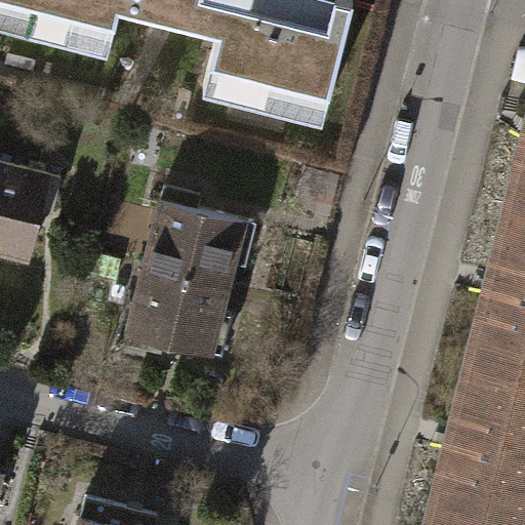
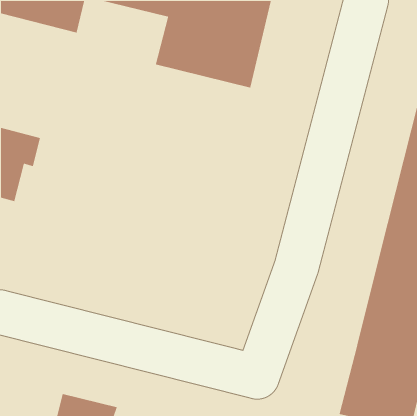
building: [122,199,248,355] -> none

